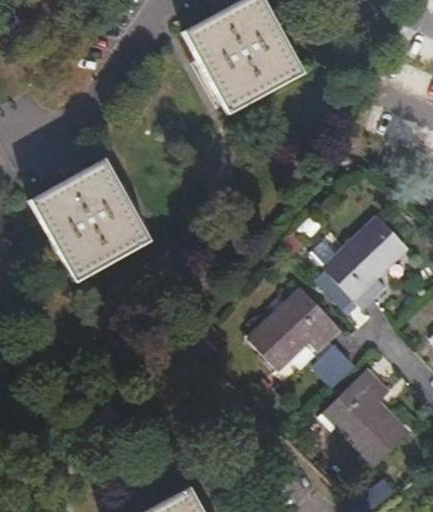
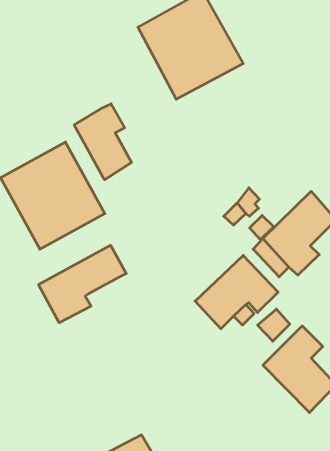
building: none -> [74,104,131,180]
building: none -> [39,245,126,323]

